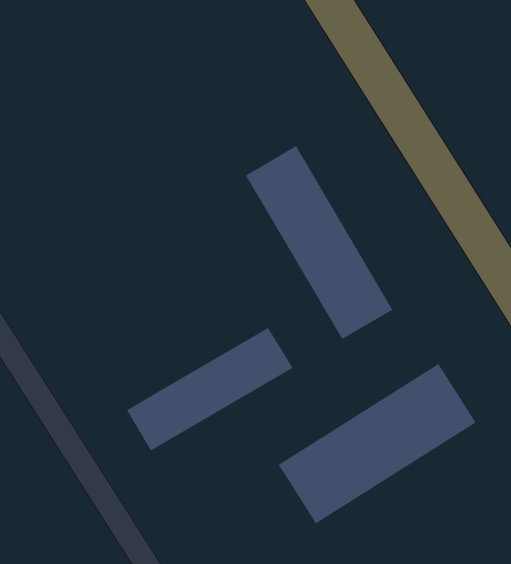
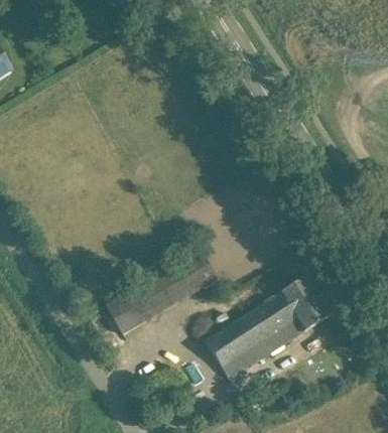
building: [245,145,393,340] -> none

